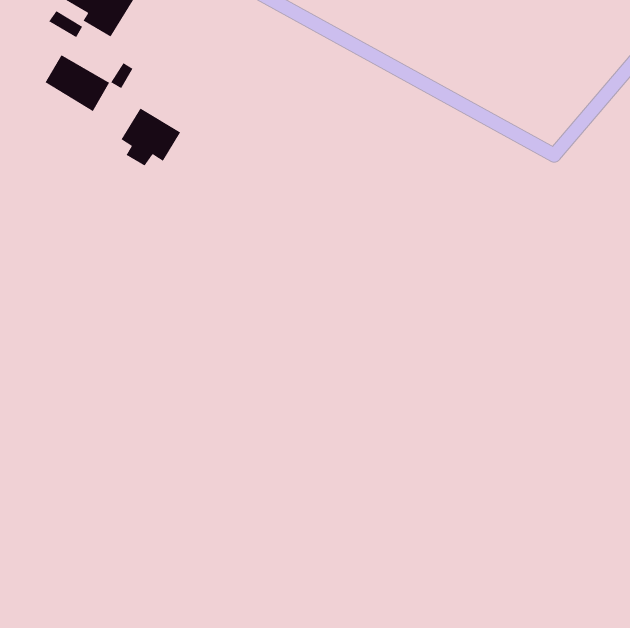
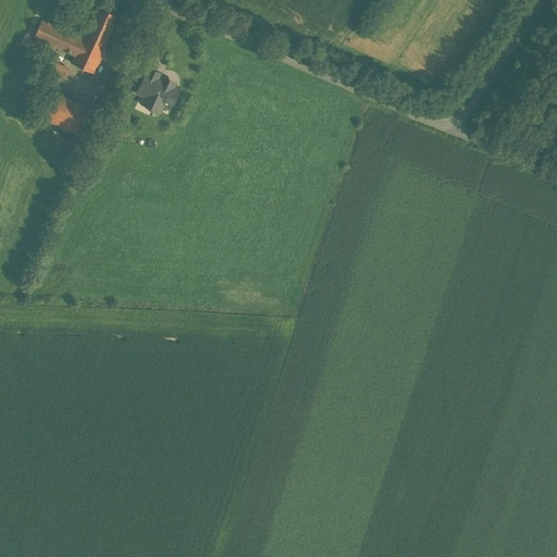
building: [120,107,181,167] -> [134,66,182,113]

